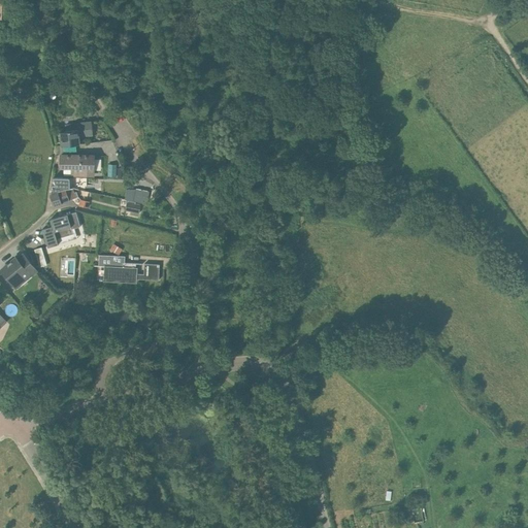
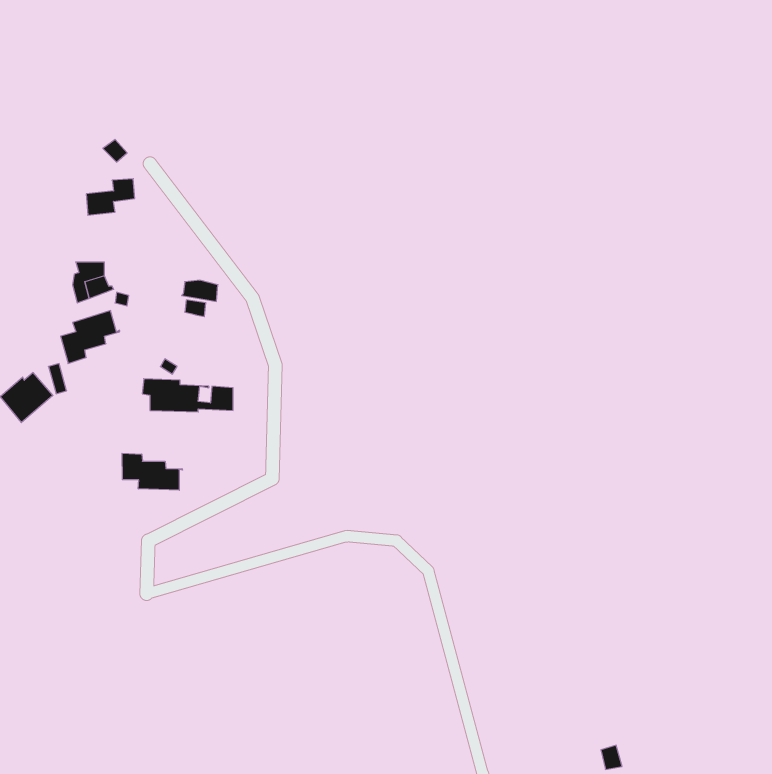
building: [60,155,93,176] -> none
building: none -> [122,453,183,490]

